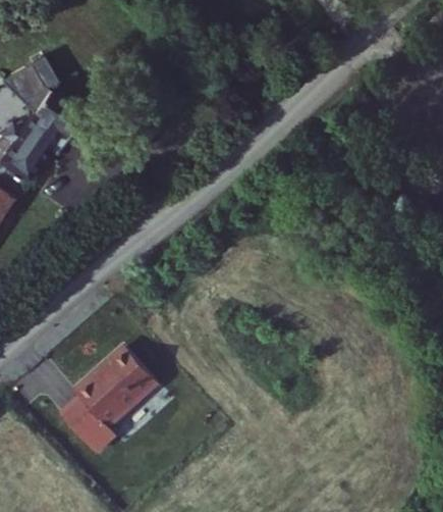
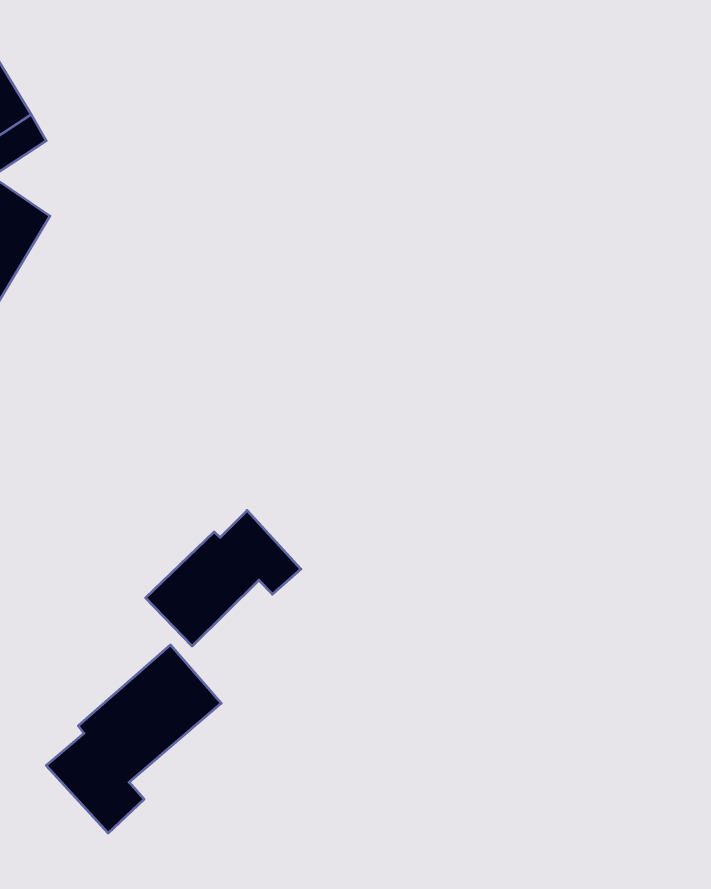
building: none -> [146,510,301,646]

